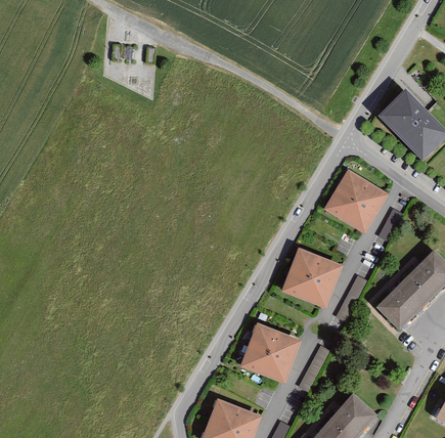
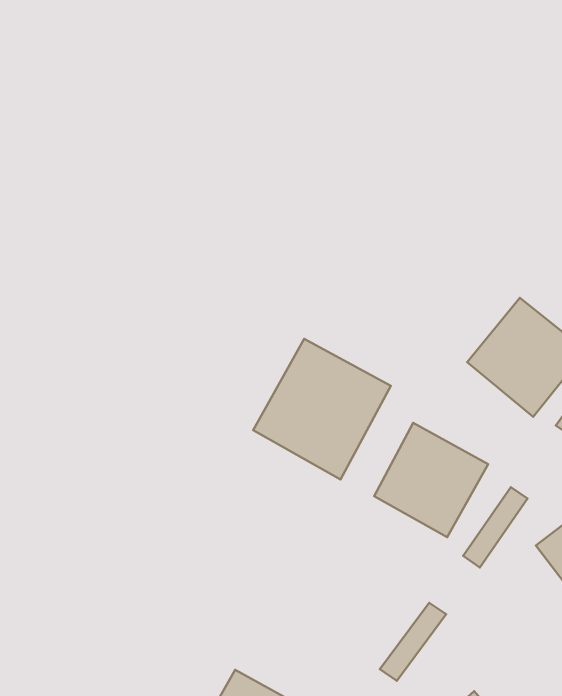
building: none -> [253,339,391,479]
building: [239,322,301,384] -> none

